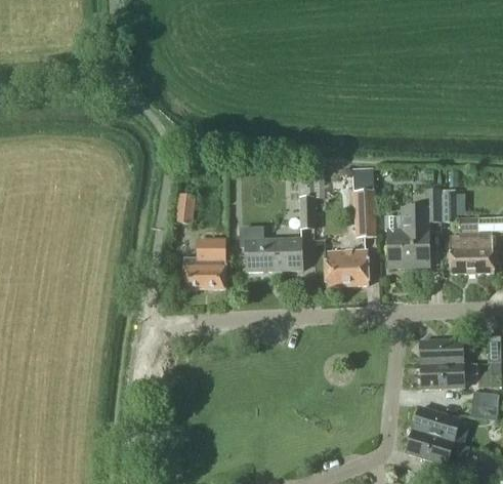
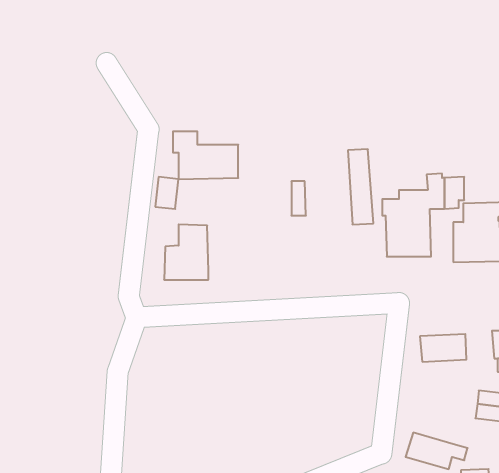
building: [242,227,302,271] -> [173,131,238,179]
building: [326,249,370,285] -> none
building: [422,362,478,388] -> none
building: [414,406,460,441] -> none

